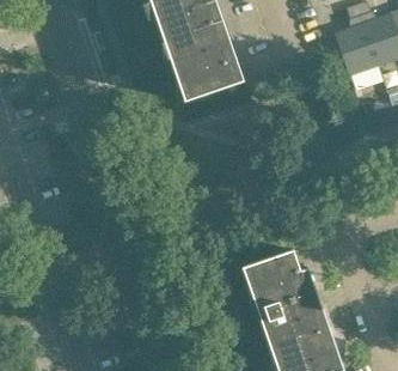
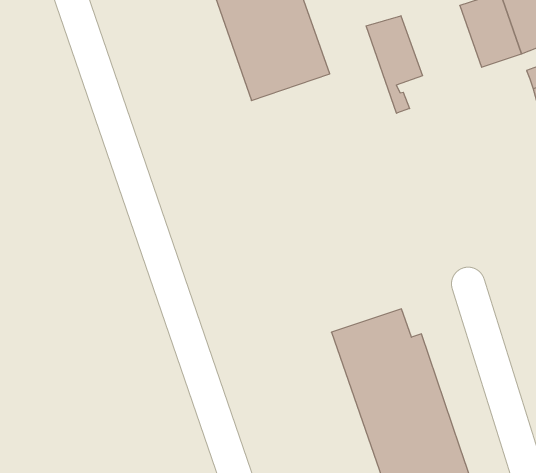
building: none -> [366,16,422,113]

